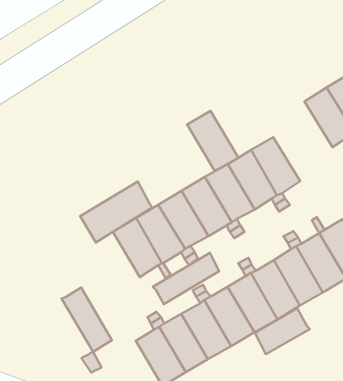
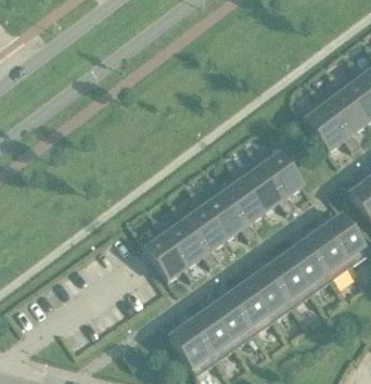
building: [187,111,238,171] -> none
building: [80,182,152,242] -> none
building: [153,253,219,304] -> none
building: [61,287,112,352] -> none
building: [255,308,310,354] -> none

